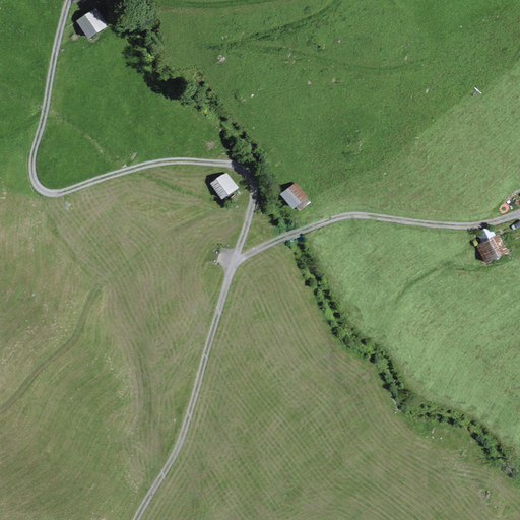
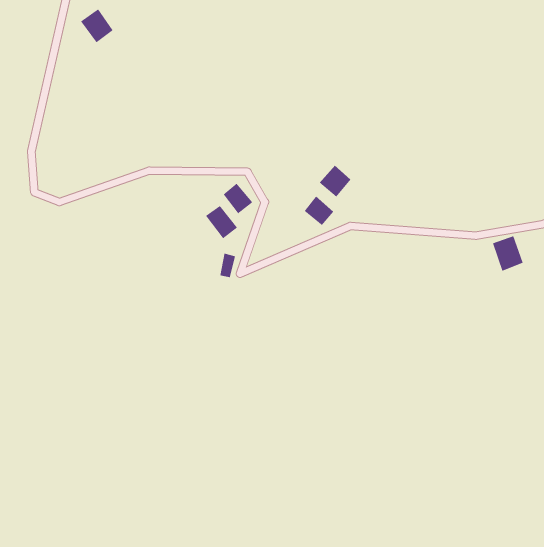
building: none -> [319,165,351,197]
building: none -> [205,205,238,239]

